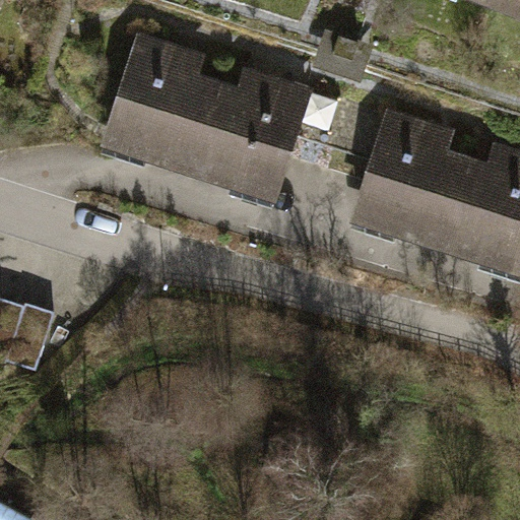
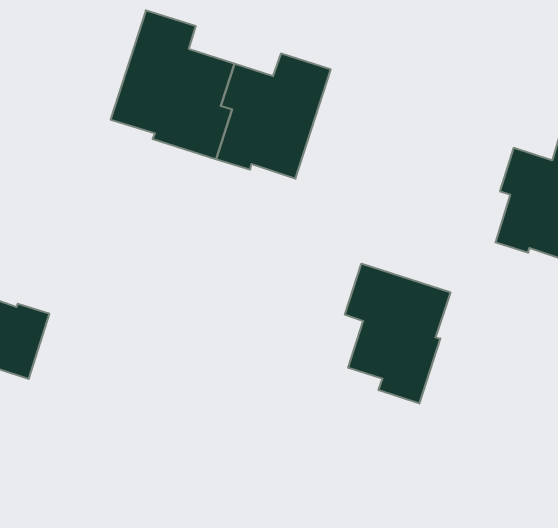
building: [356,116,467,248] -> none
building: none -> [345,264,450,404]

